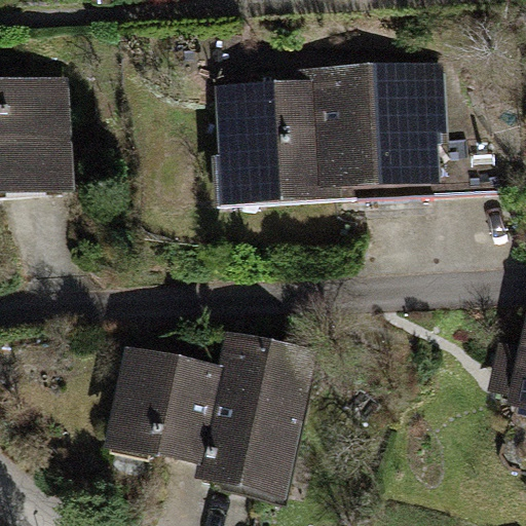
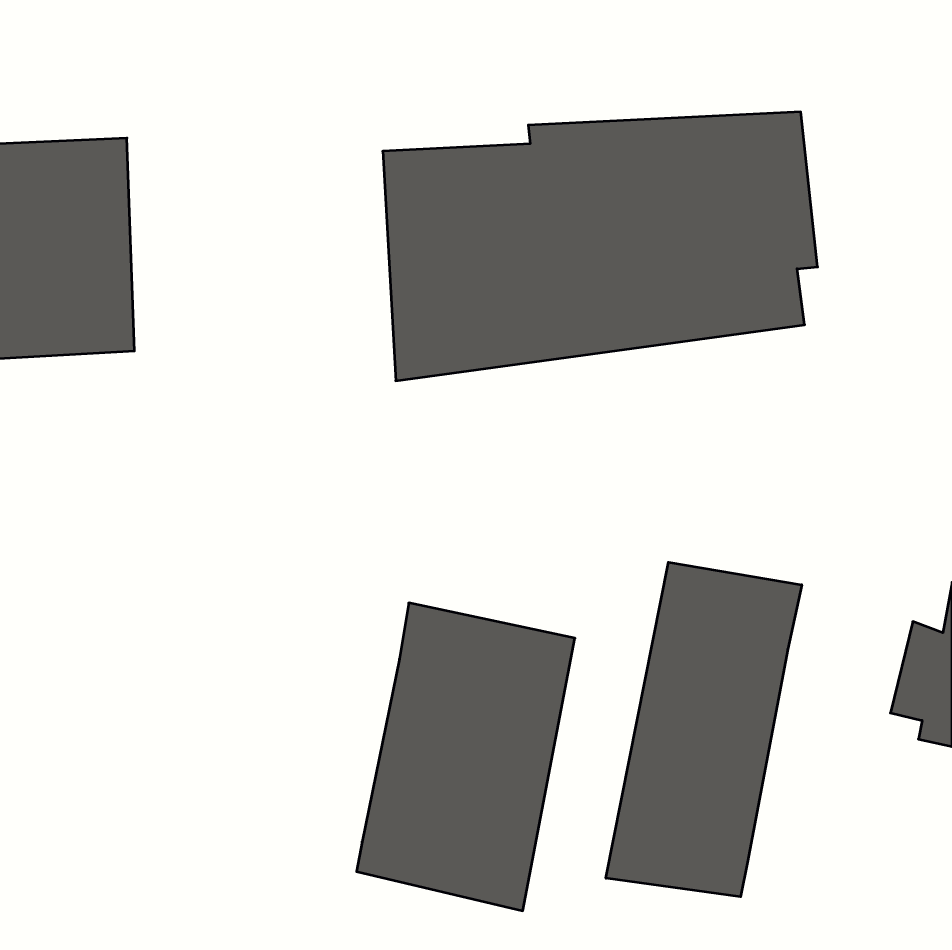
building: none -> [606,562,802,897]
building: [100,345,220,463] -> none

